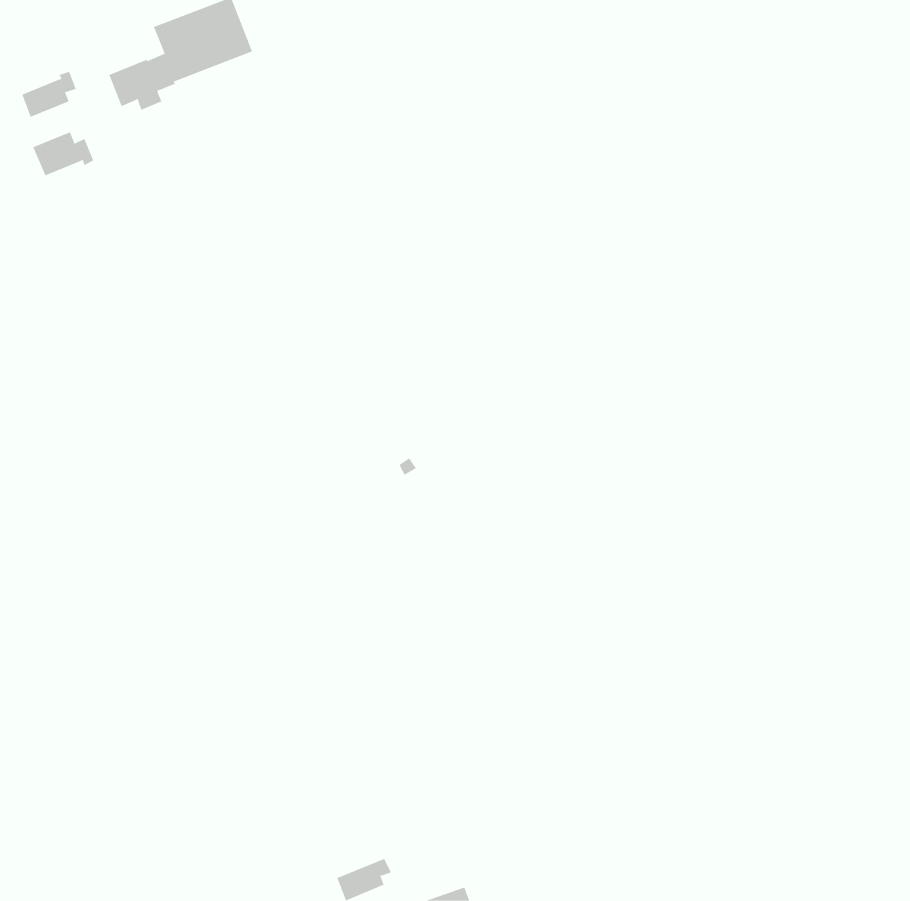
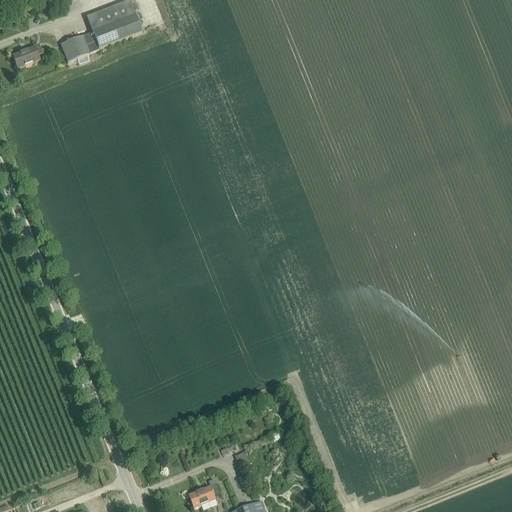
building: [33,132,94,176] -> none

